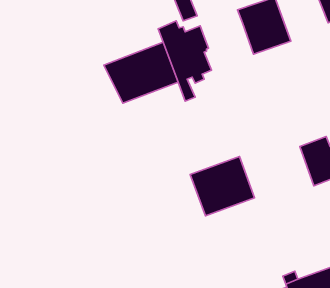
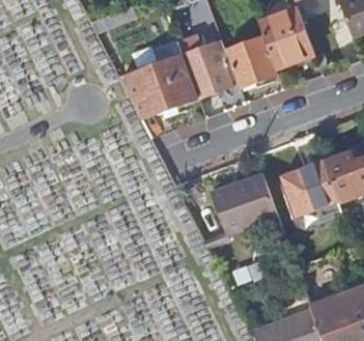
building: none -> [226,36,279,88]
building: none -> [284,164,343,223]

